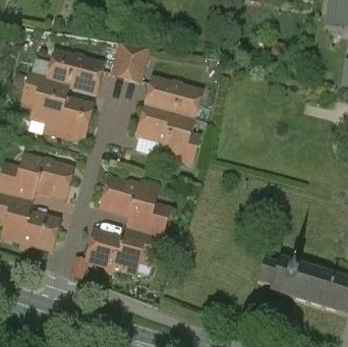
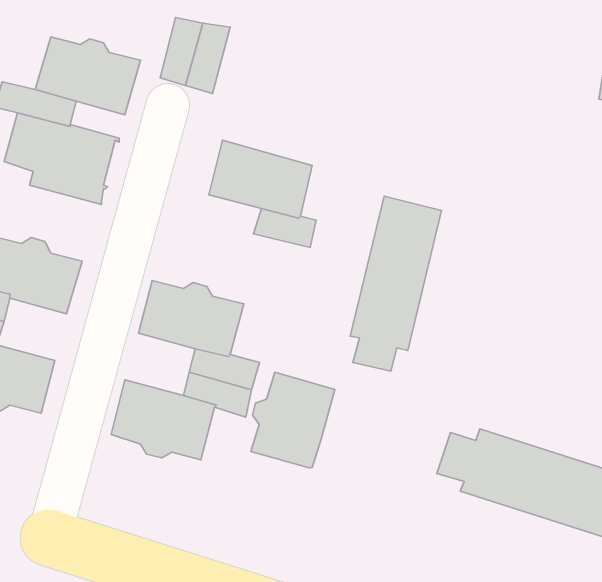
building: [144,77,199,118] -> none
building: none -> [350,196,441,371]
building: none -> [251,372,335,468]

